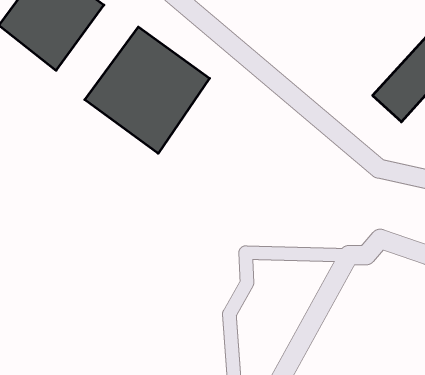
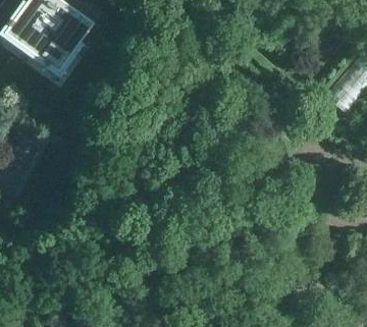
building: [85,27,210,153] -> none

